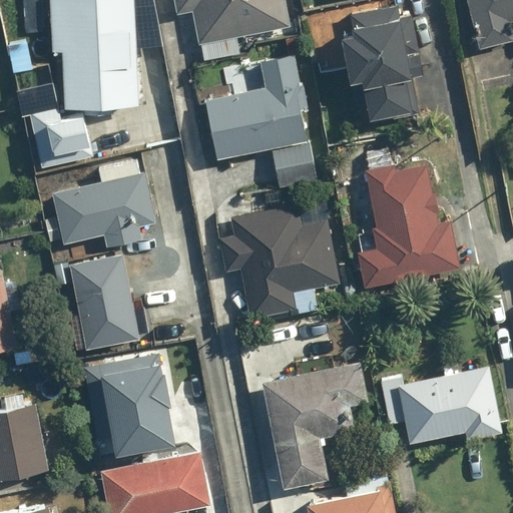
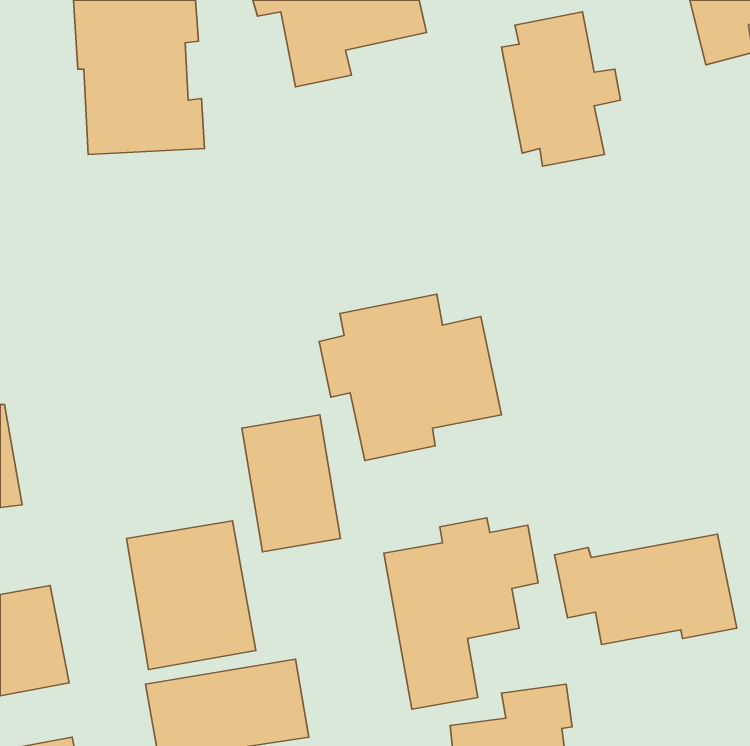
building: [207,53,309,157] -> none
building: [30,115,92,167] -> none
building: [272,145,318,186] -> none
building: [51,161,156,248] -> none
building: [359,166,457,285] -> none
building: [71,261,138,354] -> [242,415,340,552]

